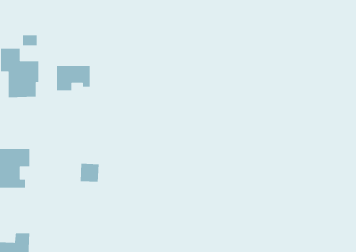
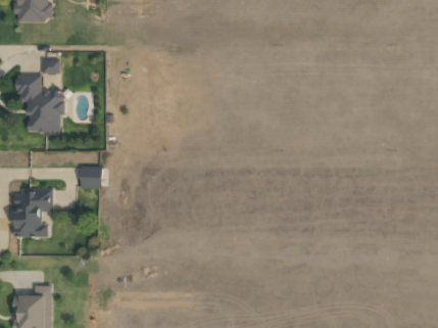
building: [56,65,90,91] -> none
building: [80,163,99,183] -> [80,167,102,189]

